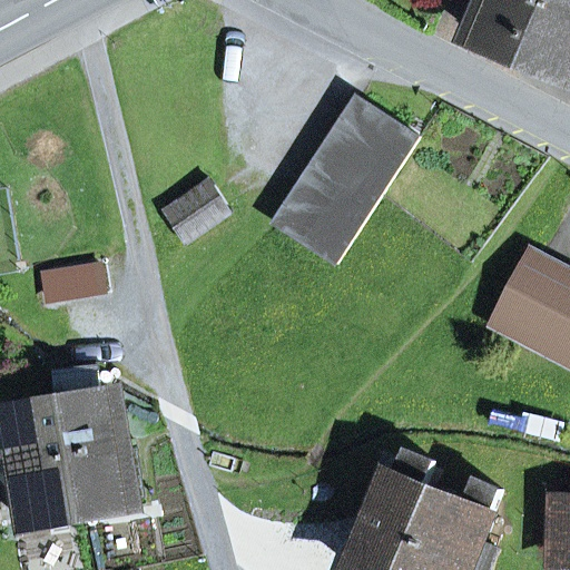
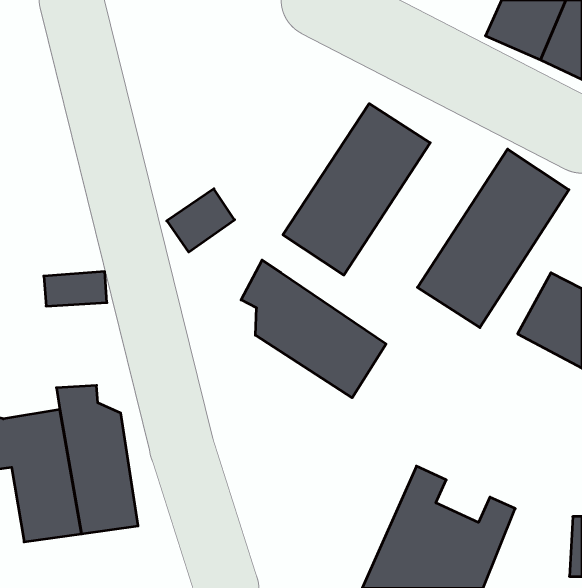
building: none -> [417,149,569,328]
building: none -> [241,260,386,398]

